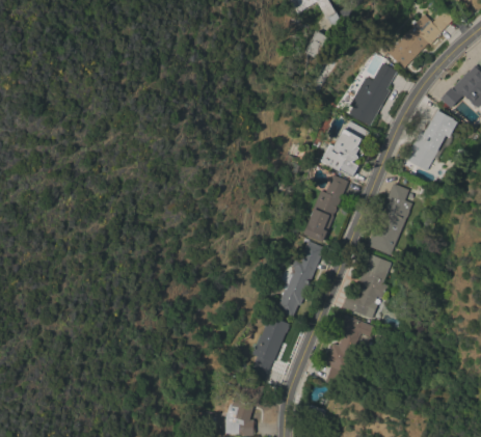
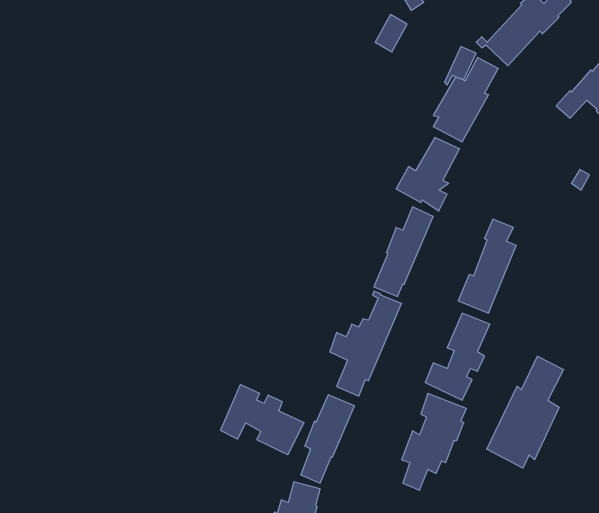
building: [406,109,456,170] -> none
building: none -> [487,356,564,468]
building: none -> [221,385,304,455]

